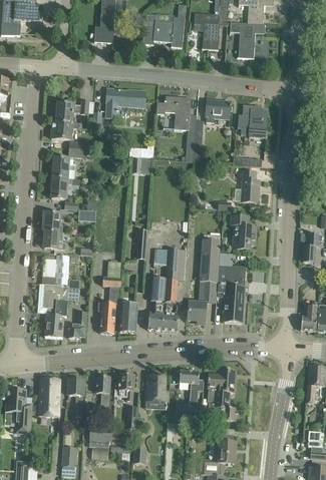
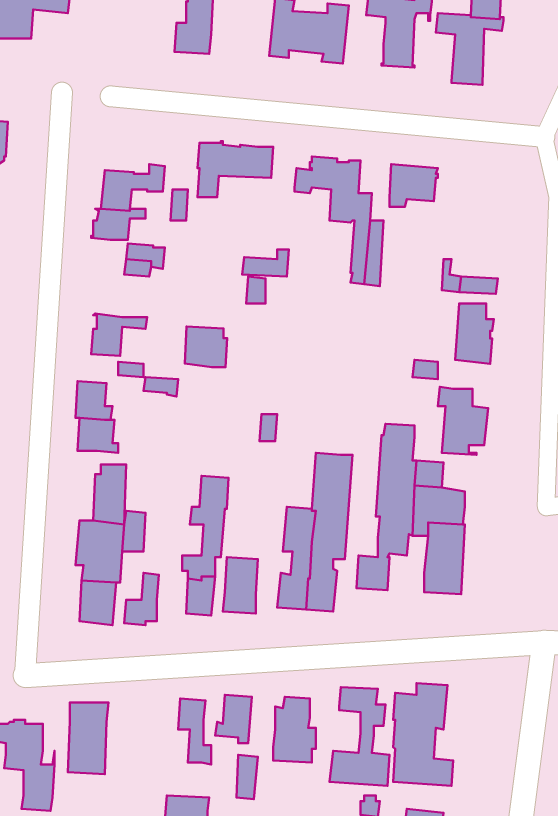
building: [238,104,268,138] -> none
building: [53,157,75,178] -> [185,327,227,367]
building: [68,379,84,415] -> none

